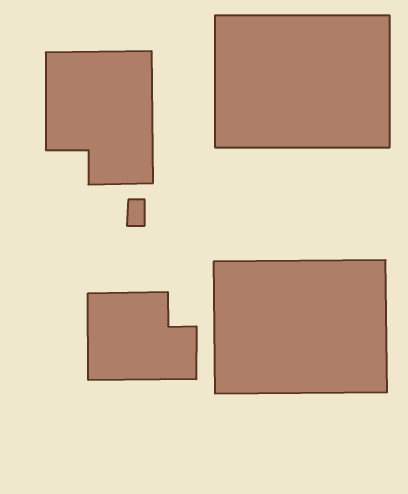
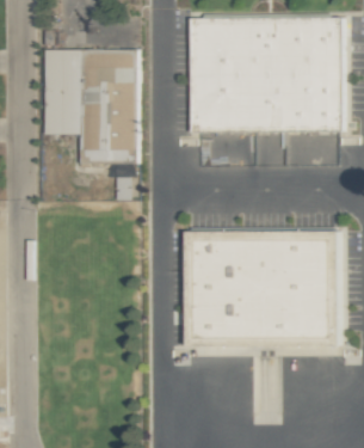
building: [88,292,196,380] -> none

